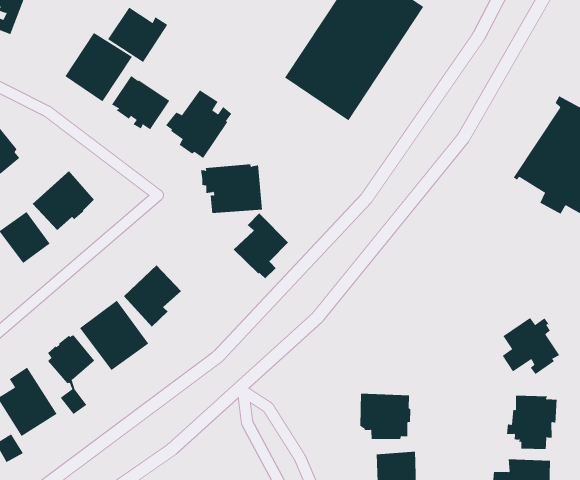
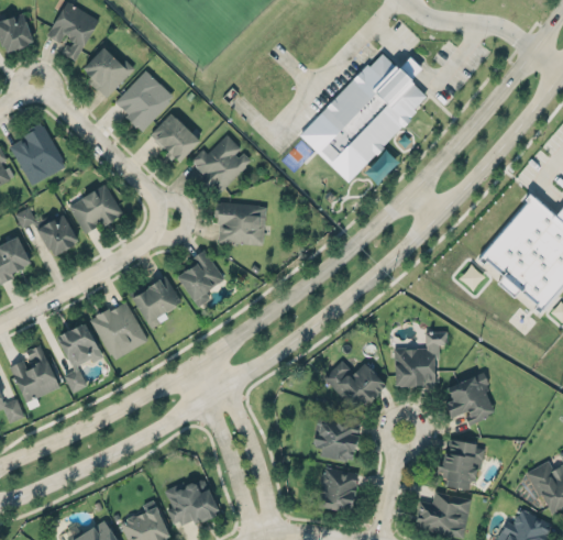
building: [107,7,168,63] -> [80,47,134,97]
building: [233,213,289,279] -> [176,249,224,306]
building: none -> [394,331,448,386]
building: none -> [323,360,386,410]

